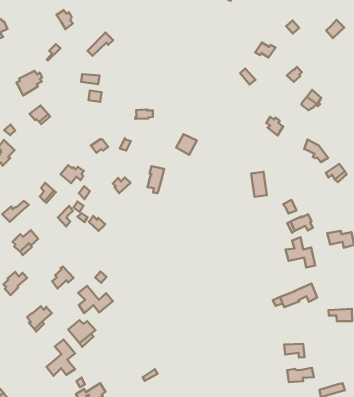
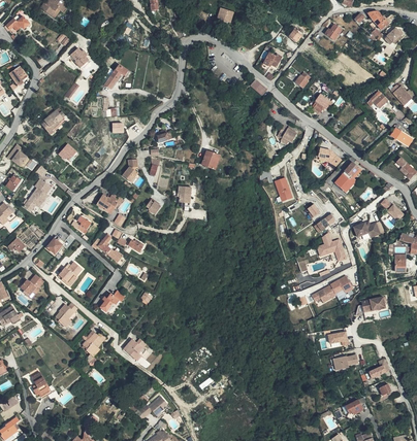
building: [78,286,113,313] -> none
building: [46,339,75,376] -> none

